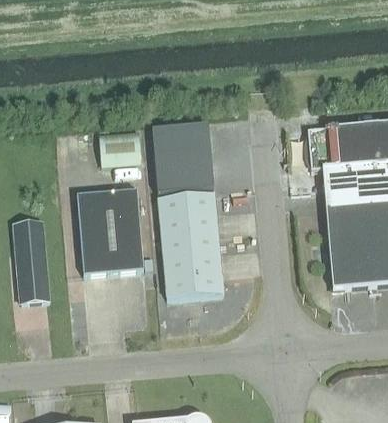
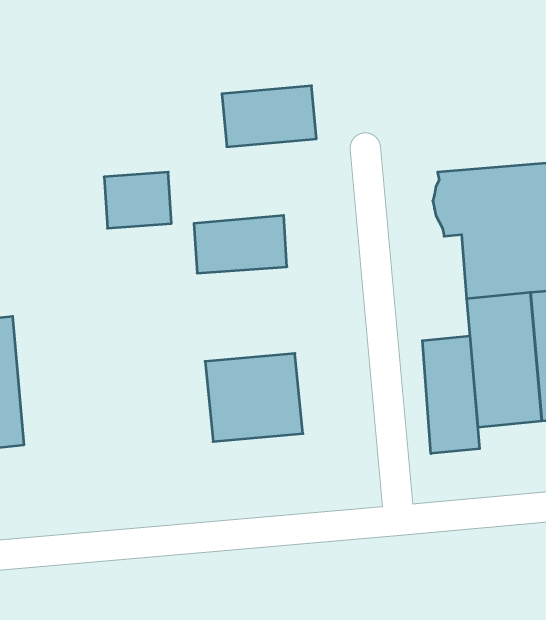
building: [152,123,211,161] -> [222,86,316,147]
building: [76,188,143,274] -> none
building: [157,192,218,247] -> none
building: none -> [422,336,480,454]

